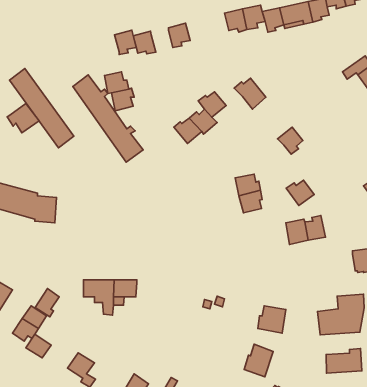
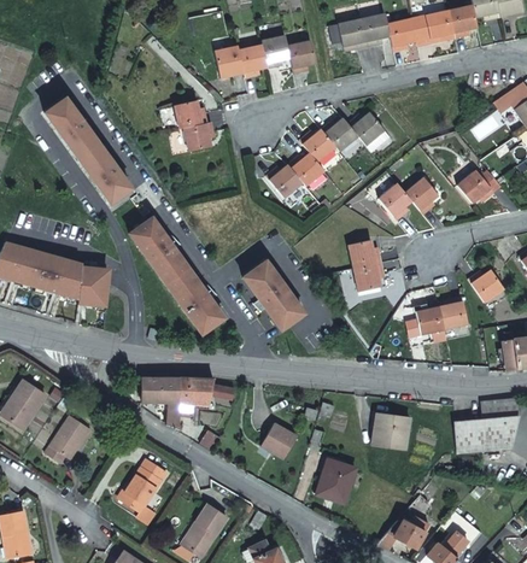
building: none -> [282,42,311,75]
building: [115,30,136,55] -> [234,47,263,80]
building: [73,75,143,162] -> [130,217,224,334]
building: none -> [318,118,356,151]
building: [7,103,39,133] -> none
building: none -> [456,166,498,201]
building: none -> [376,182,411,219]
building: [286,180,314,205] -> [467,268,504,301]
building: none -> [244,262,305,332]
building: [35,288,59,317] -> none
building: none -> [262,422,298,458]
building: [26,334,51,358] -> [136,459,170,491]
building: [244,344,273,377] -> [317,461,356,504]
building: [326,348,362,373] -> none

